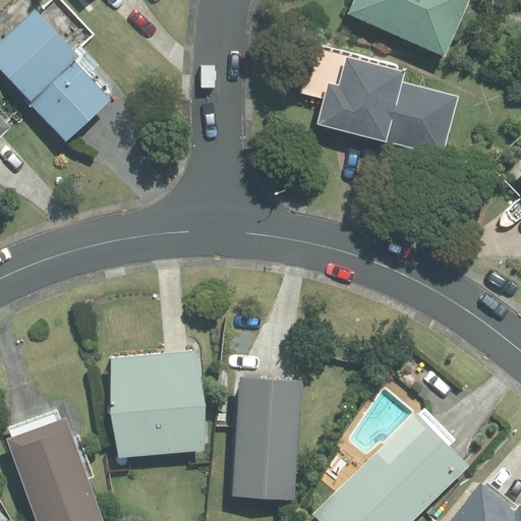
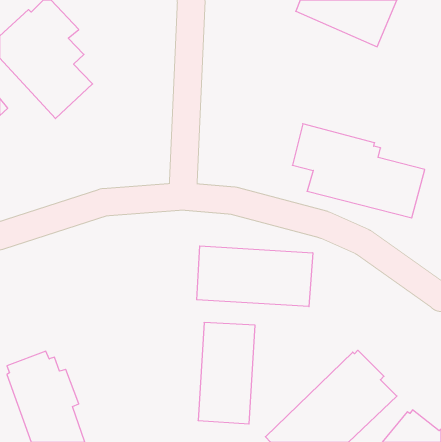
building: [300,44,456,155] -> [292,124,425,218]
building: none -> [197,246,313,307]
building: [111,352,204,456] -> none

